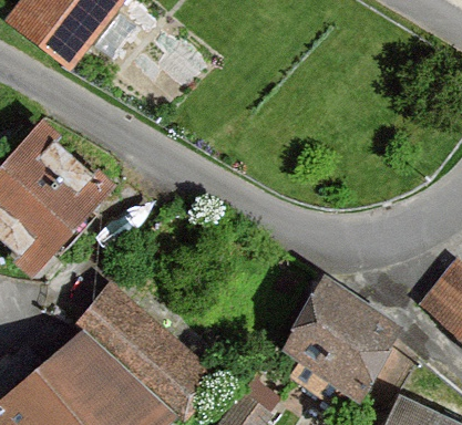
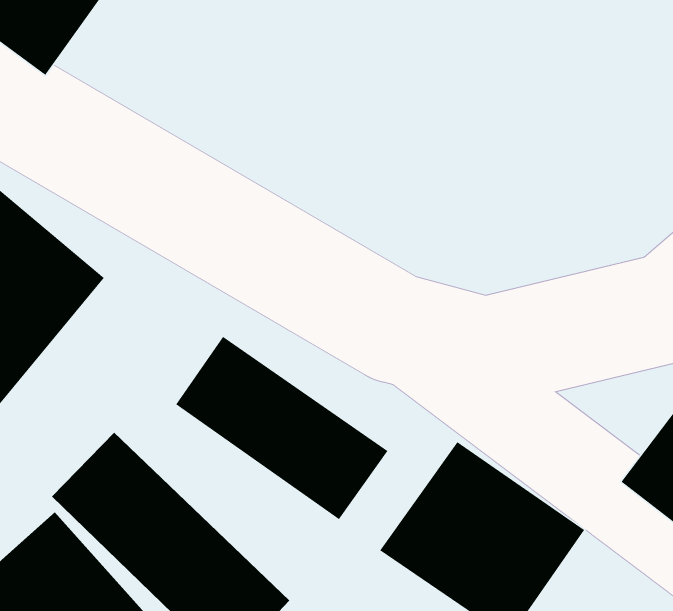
building: none -> [175,336,388,520]

